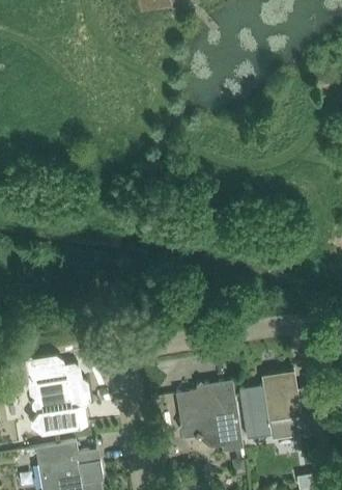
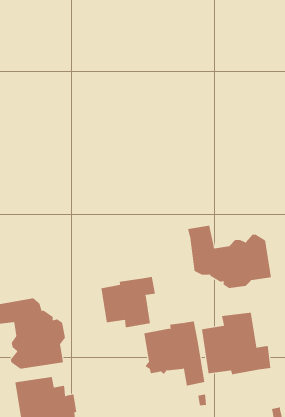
building: none -> [188,225,271,289]
building: none -> [101,276,156,328]

